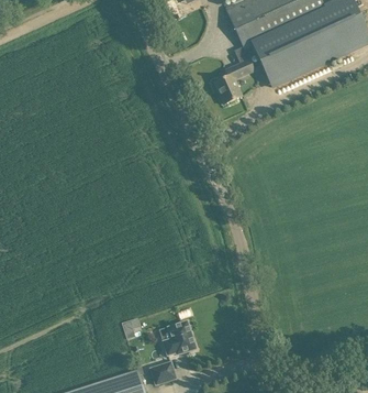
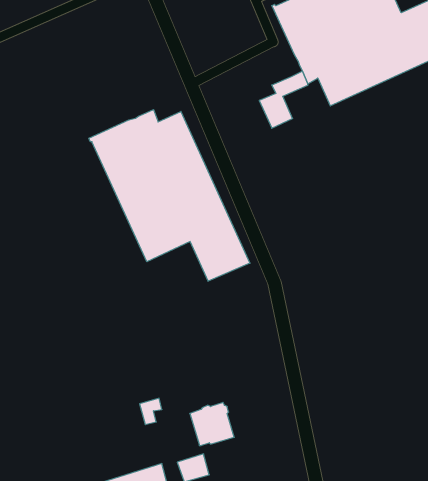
building: none -> [89,110,250,281]

